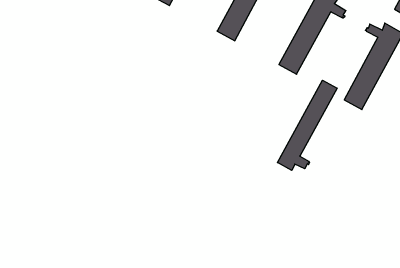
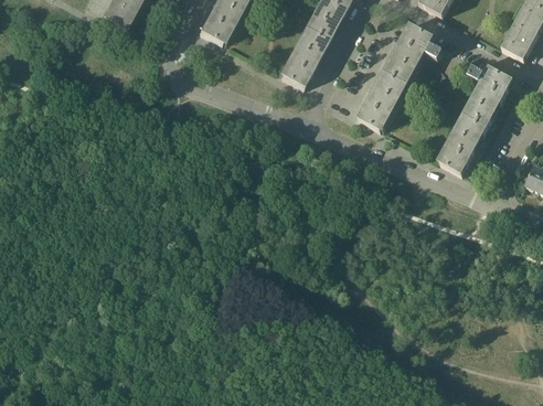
building: [277,80,337,170] -> none

